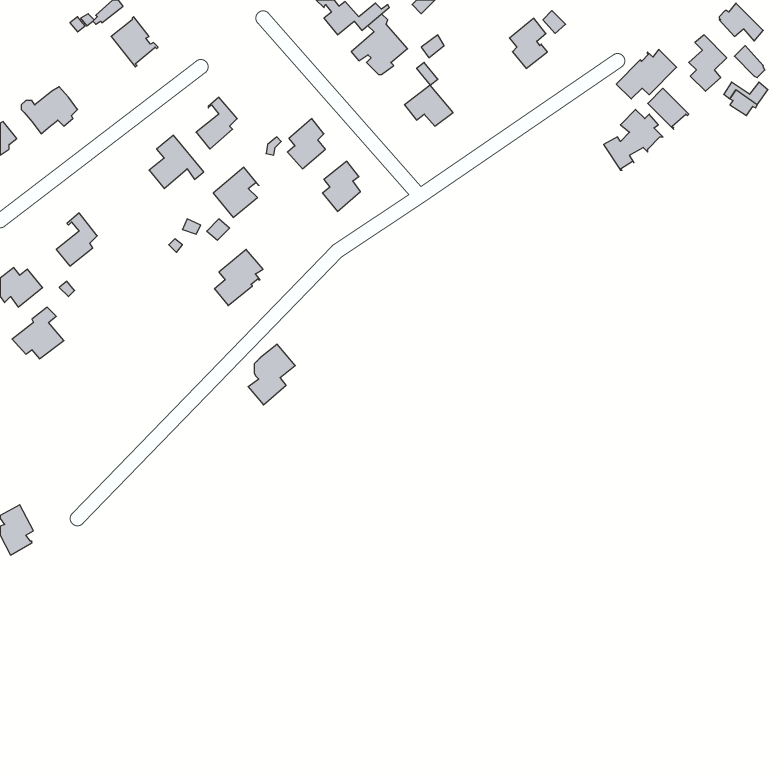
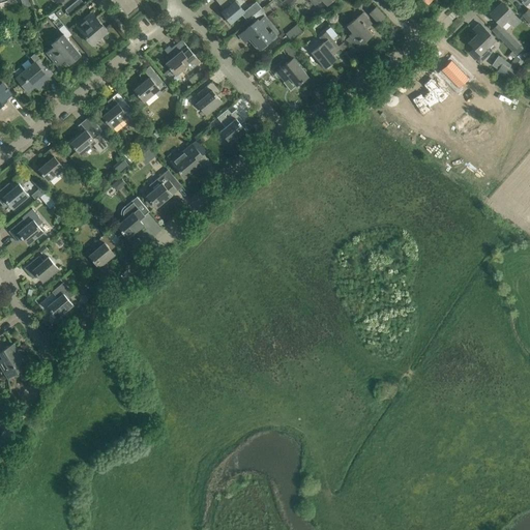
building: none -> [311,28,340,68]
building: none -> [46,33,81,66]
building: [616,49,677,99] -> none
building: none -> [166,39,199,76]
building: [213,167,259,217] -> [171,144,202,178]
building: none -> [70,116,109,154]
building: none -> [88,233,116,268]
building: [248,344,295,405] -> [117,197,149,238]
building: none -> [24,256,58,282]
building: none -> [38,283,73,318]

